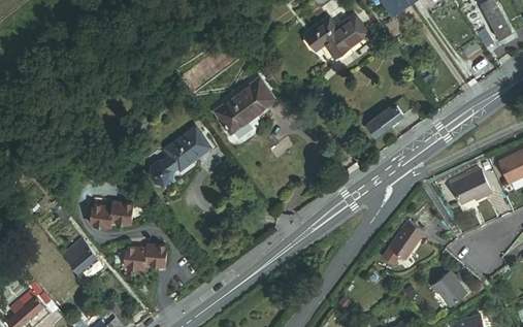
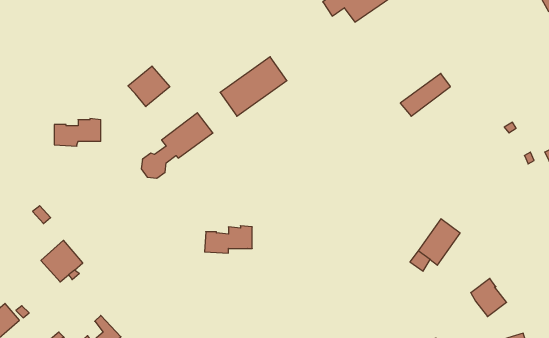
building: none -> [128,66,170,107]
building: [450,171,491,205] -> none
building: [91,203,131,227] -> [54,119,101,146]
building: [125,246,166,269] -> [205,226,252,253]

